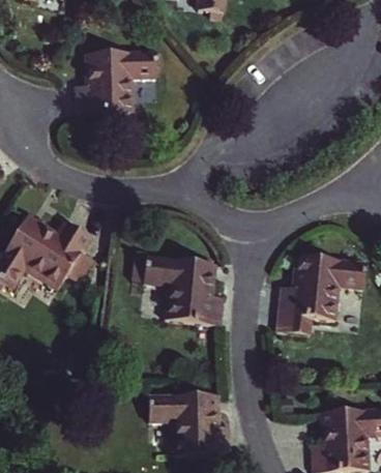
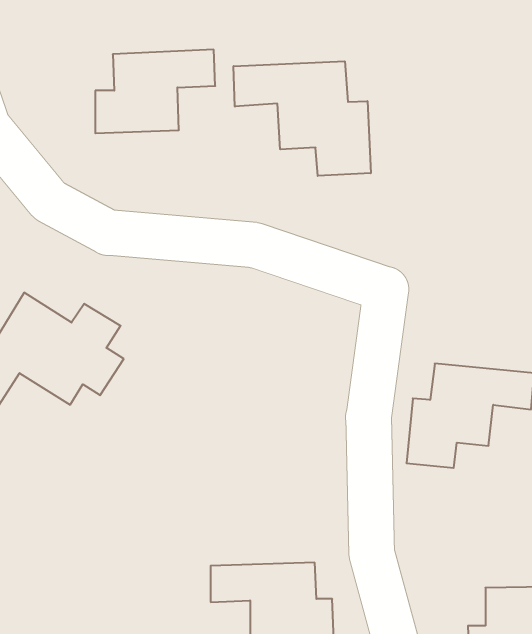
building: none -> [234,61,371,176]
building: [143,261,223,321] -> none

